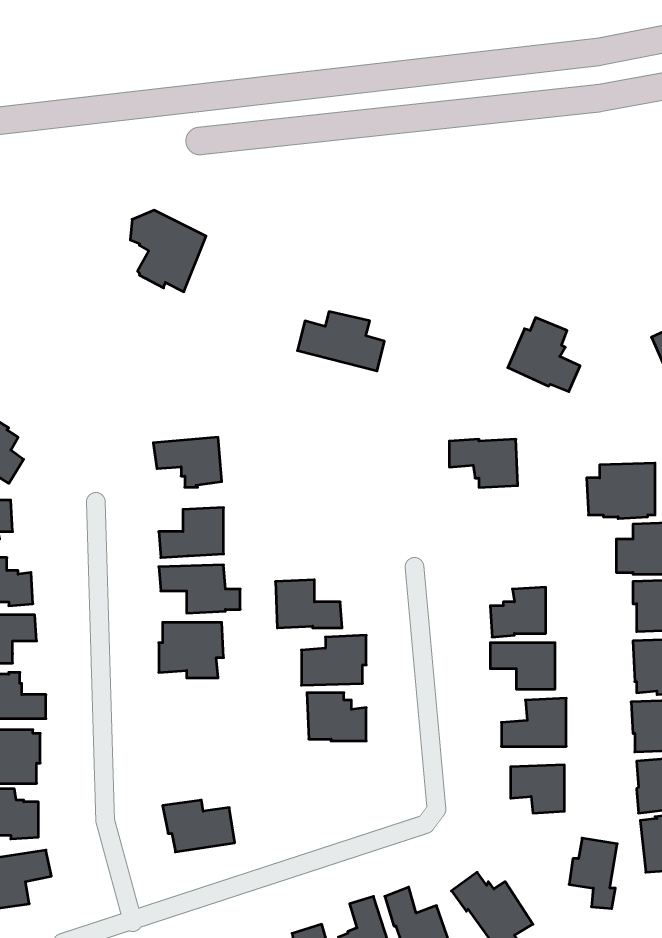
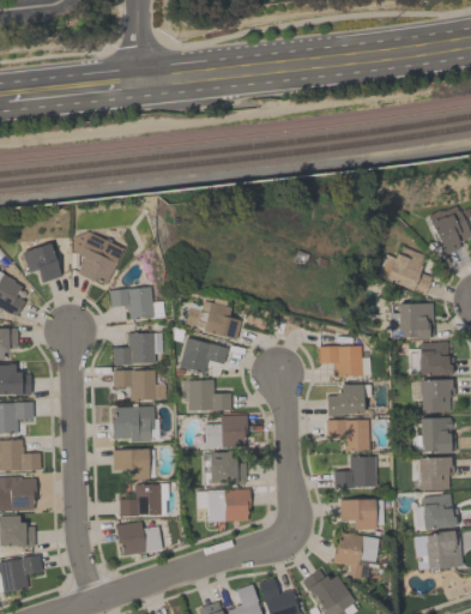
building: [130,210,206,292] -> [73,231,122,284]
building: [297,312,384,371] -> [185,301,241,339]
building: [508,318,580,392] -> [386,247,433,295]
building: none -> [23,243,62,283]
building: [449,439,518,487] -> [319,345,363,377]
building: none -> [179,337,228,374]
building: none -> [113,449,149,480]
building: none -> [119,483,161,516]
building: none -> [207,489,250,522]
building: [569,838,617,909] -> [332,532,363,578]

